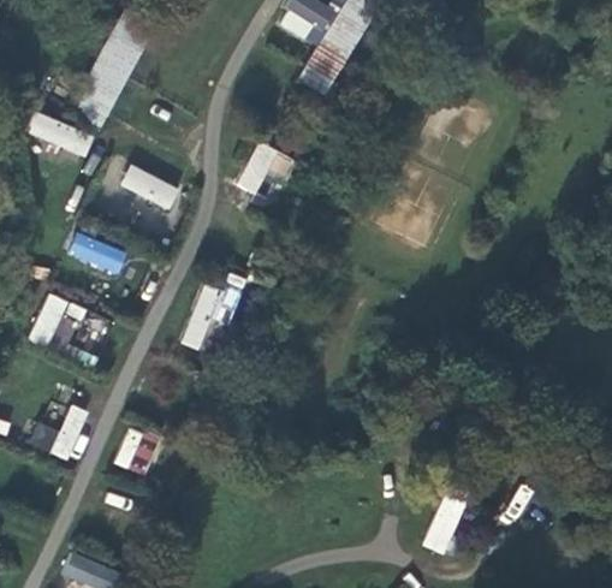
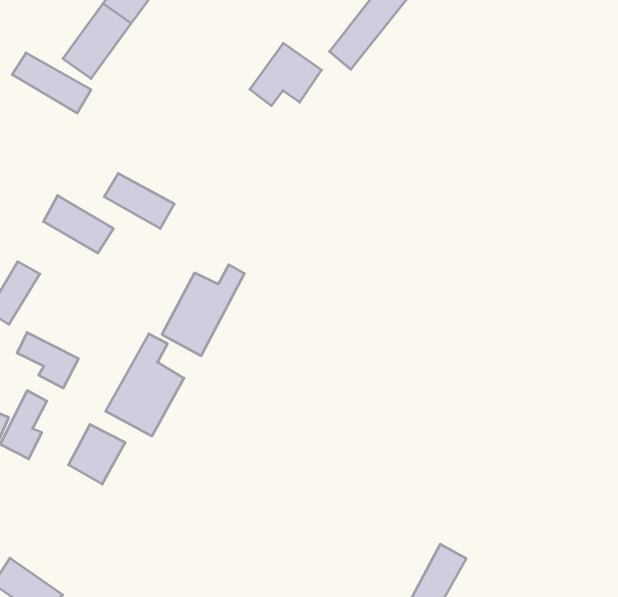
building: [237,141,297,196] -> [250,43,322,106]
building: [119,166,180,209] -> [104,173,174,229]
building: none -> [106,334,184,436]
building: none -> [17,332,78,388]

